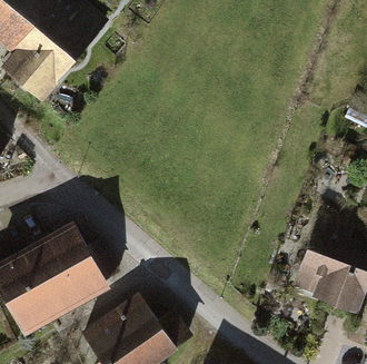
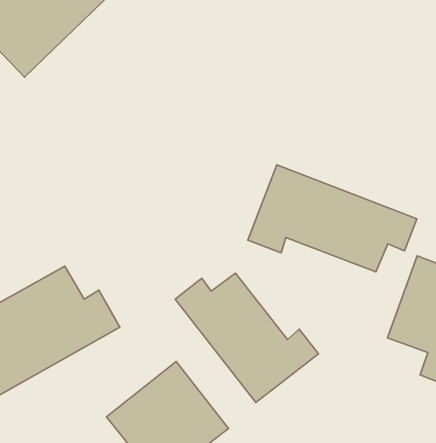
building: none -> [248,165,417,272]
building: none -> [175,273,319,403]

